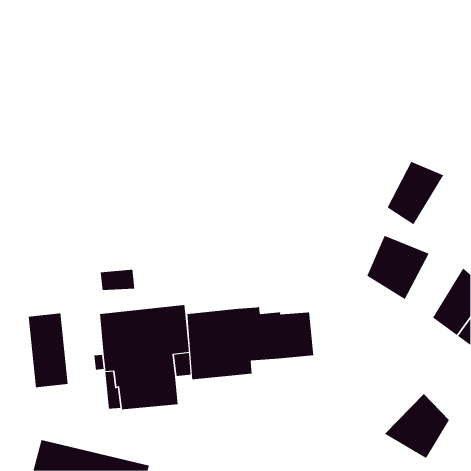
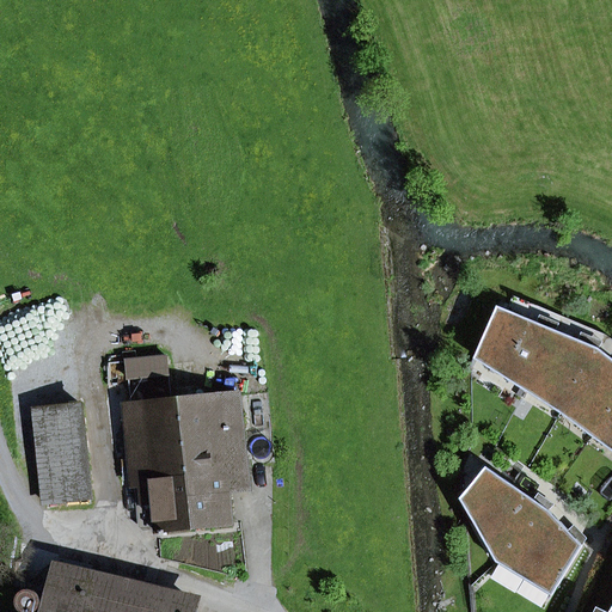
building: [387,161,444,225] -> [524,328,598,410]
building: [187,306,314,380] -> none
building: none -> [460,465,547,561]

